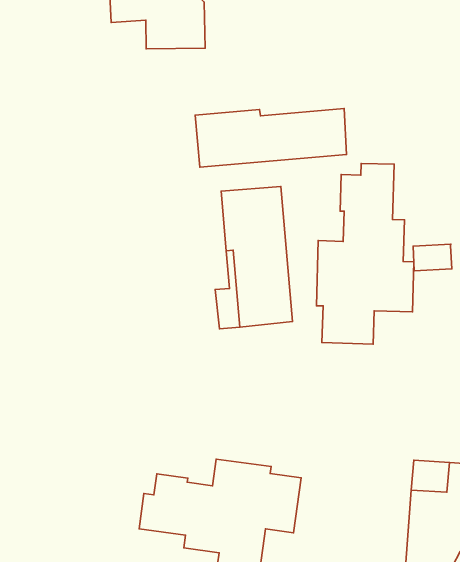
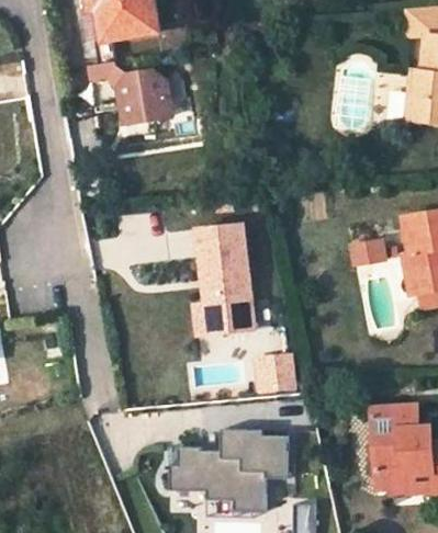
building: [195,109,347,167] -> none
building: [316,163,414,344] -> none
building: none -> [250,351,295,394]

